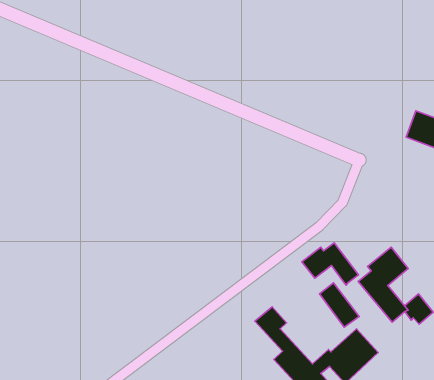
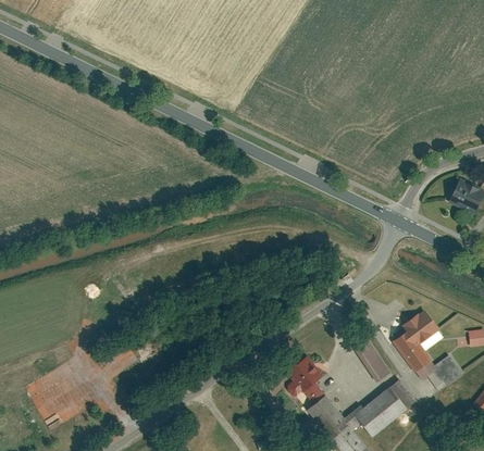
building: [302,243,358,285] -> none

